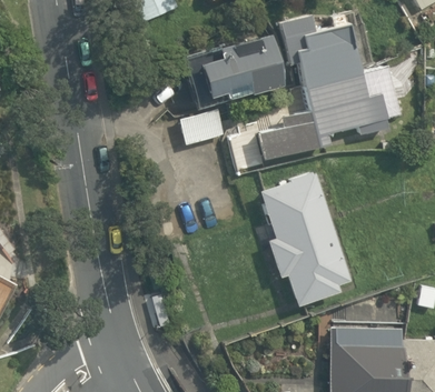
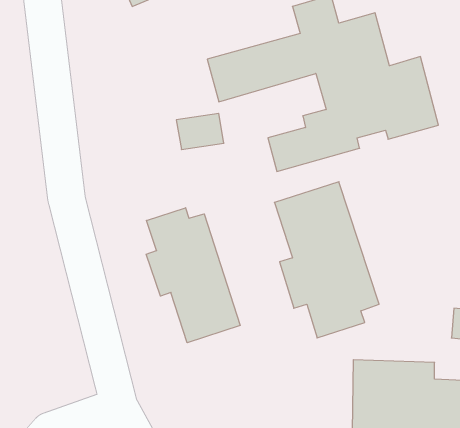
building: none -> [146,208,240,343]

